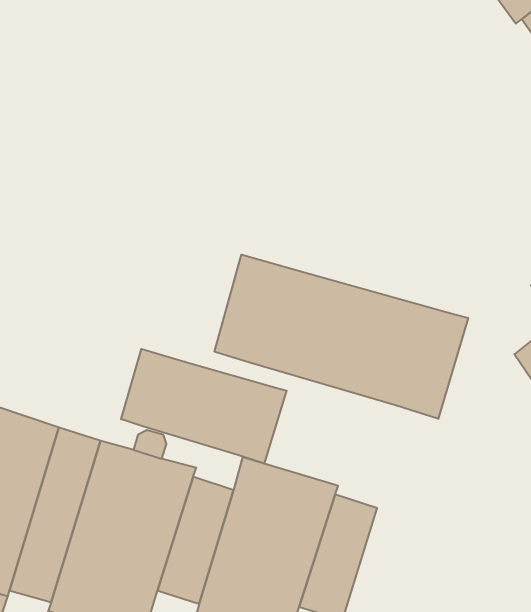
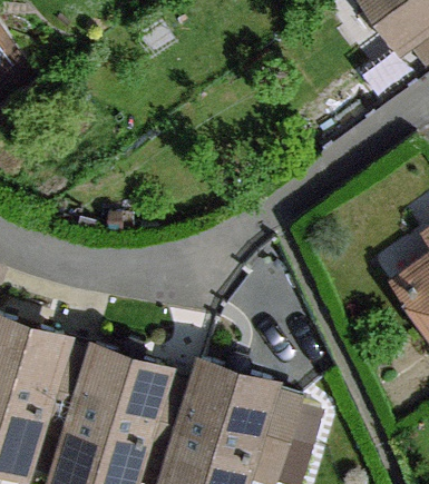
building: [215,255,468,419] -> none
building: [121,349,287,464] -> none

